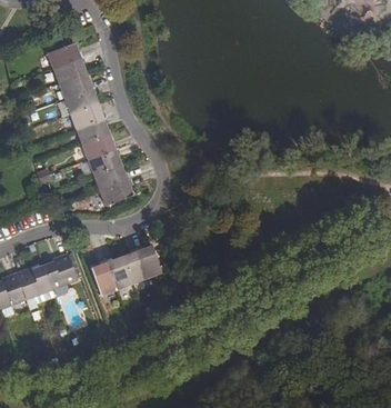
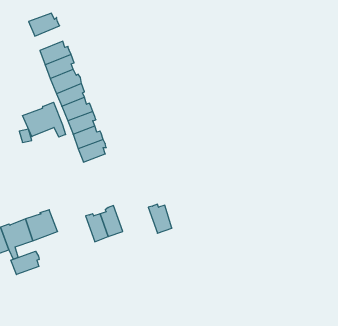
building: [53,56,83,82] -> none
building: none -> [23,102,66,137]
building: [138,246,163,277] -> [148,204,172,233]
building: [93,260,118,293] -> none
building: none -> [11,251,39,275]

